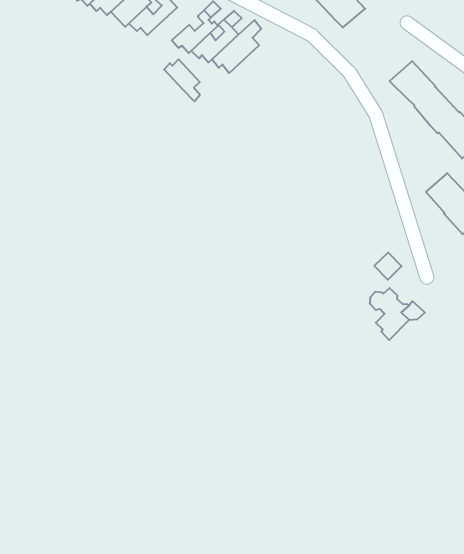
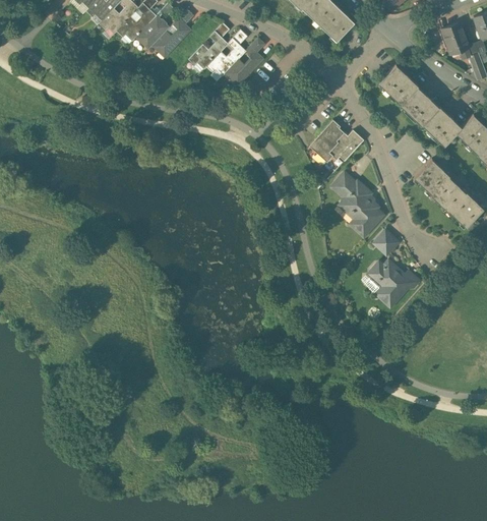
building: [164,59,200,101] -> none
building: none -> [308,119,363,161]
building: none -> [332,174,381,234]

